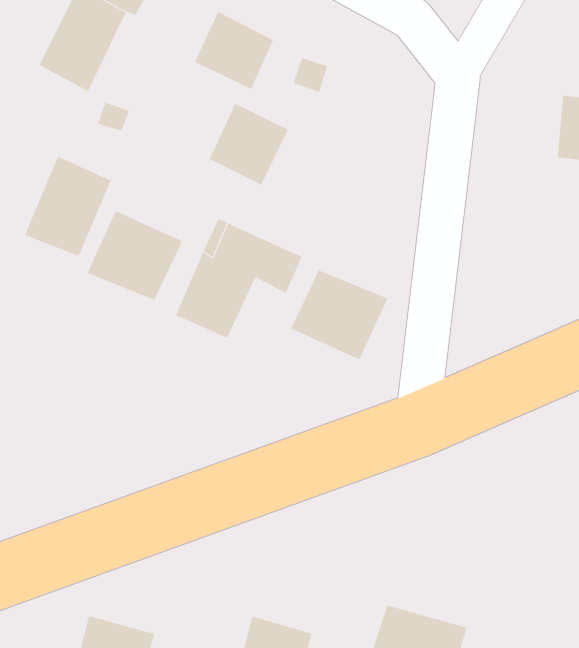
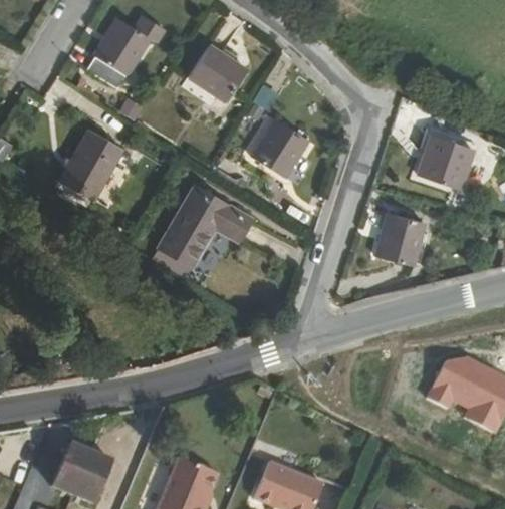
building: [209,103,289,185] -> [250,122,306,180]
building: [87,211,183,301] -> none
building: none -> [377,209,424,261]
building: [290,269,388,360] -> none

